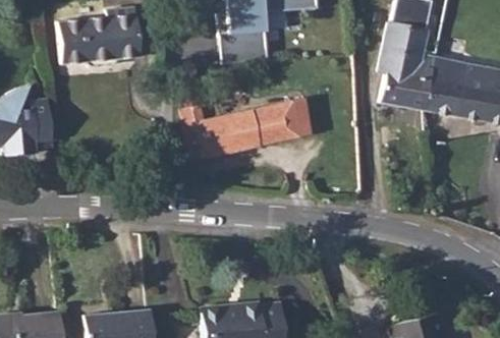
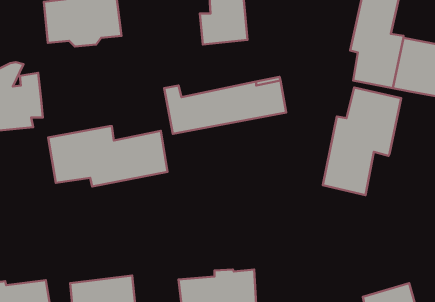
building: none -> [323,88,401,195]
building: none -> [48,126,168,187]

